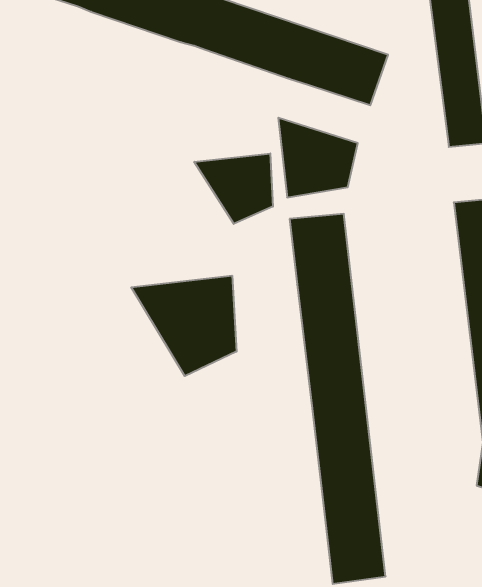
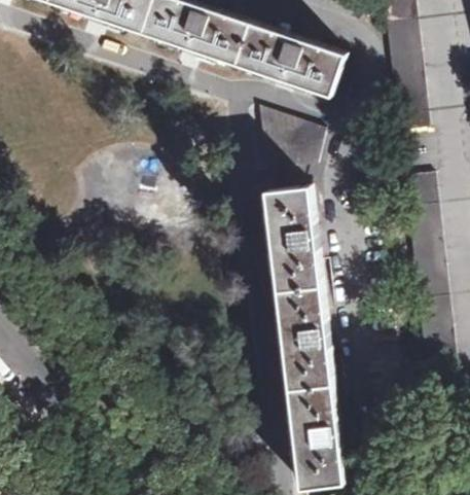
building: [194,153,273,224] -> none
building: [131,276,237,376] -> none

